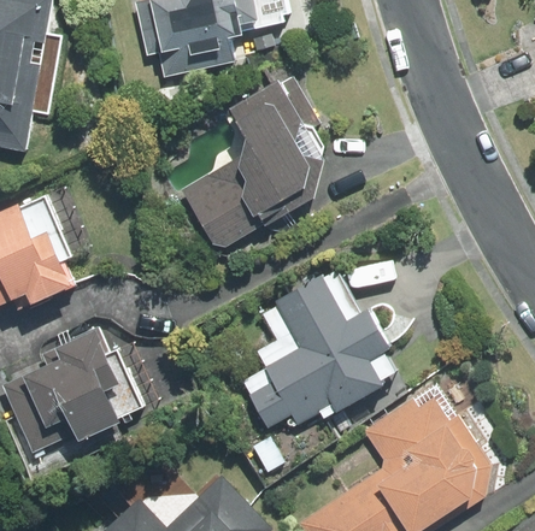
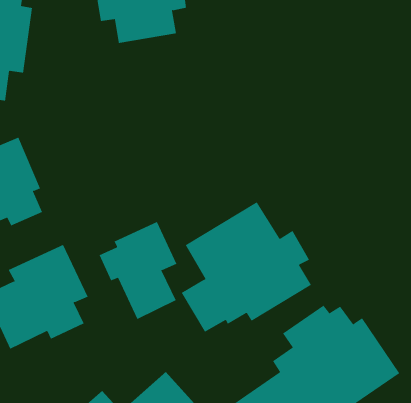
building: [181,67,347,250] -> none
building: none -> [99,221,177,320]

